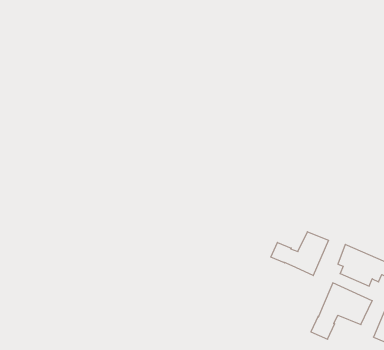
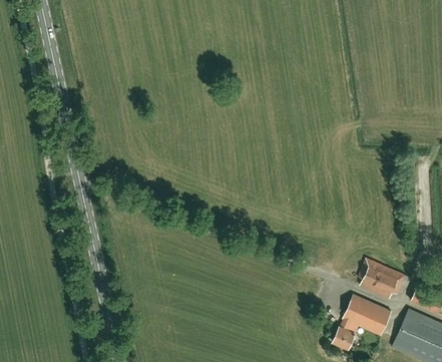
building: [271,232,329,276] -> none

